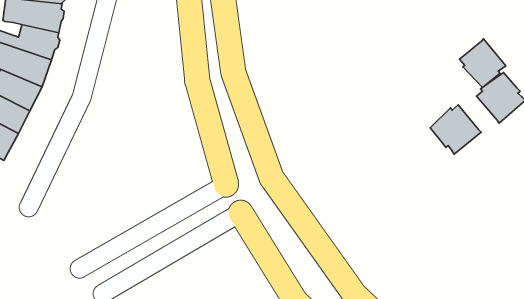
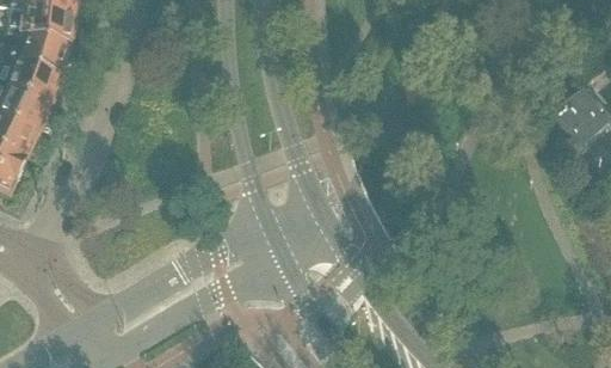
building: [459,39,506,88] -> none
building: [430,105,481,154] -> none

